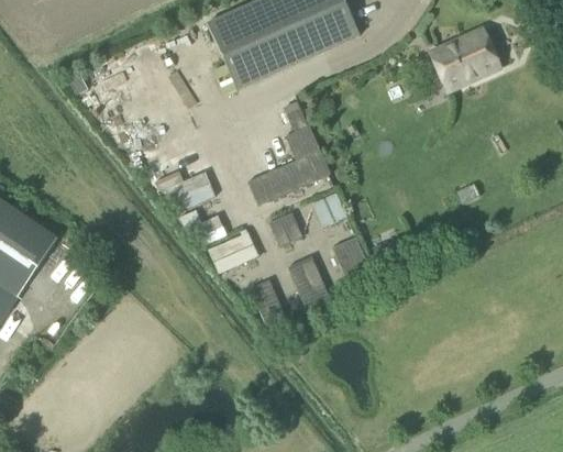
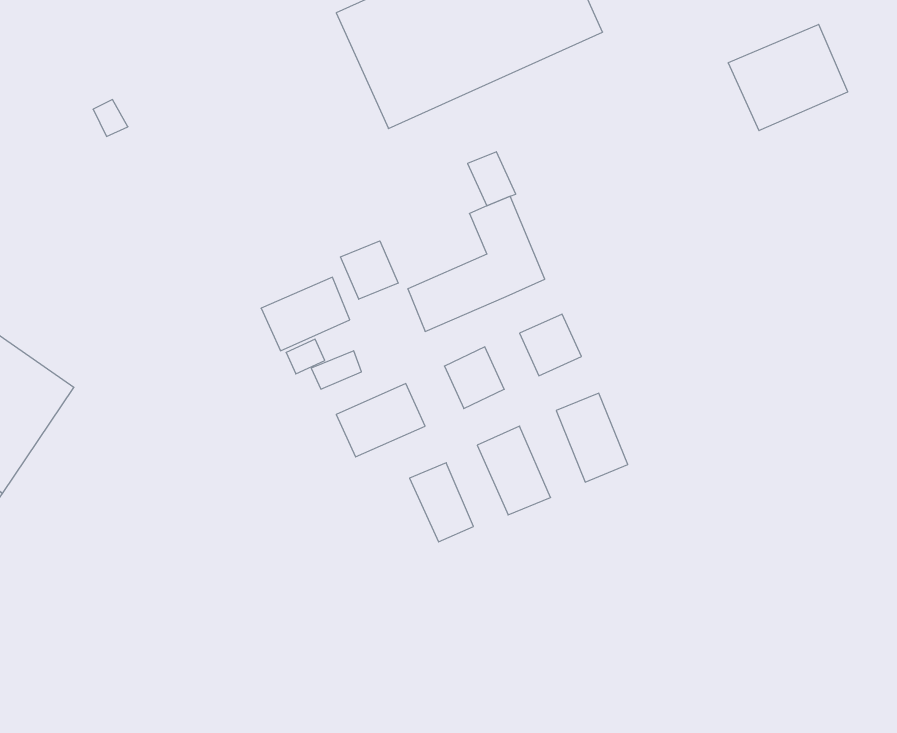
building: none -> [341,241,398,299]

